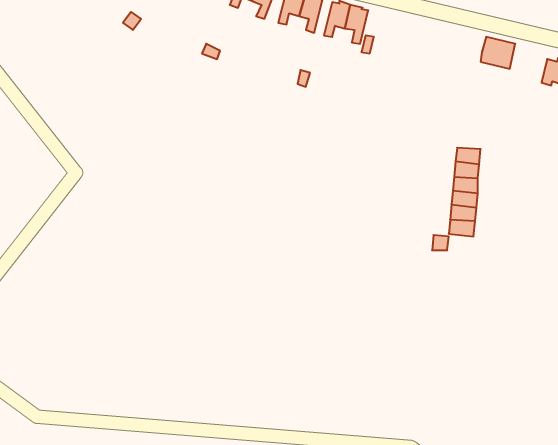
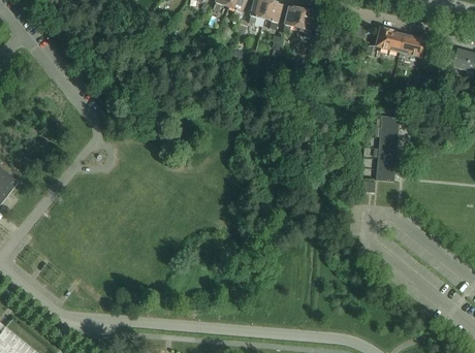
building: none -> [374,27,402,52]

